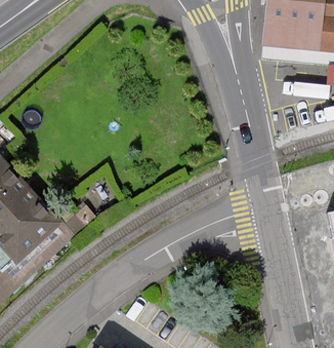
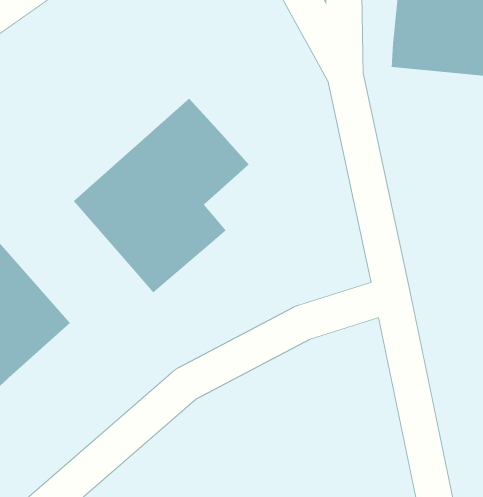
building: none -> [73,98,249,294]

